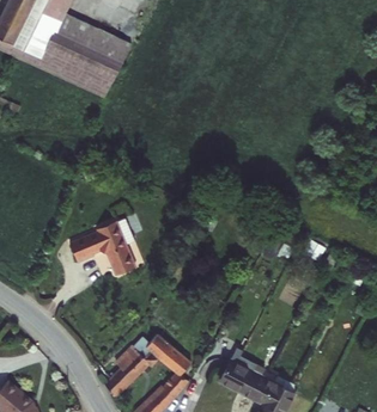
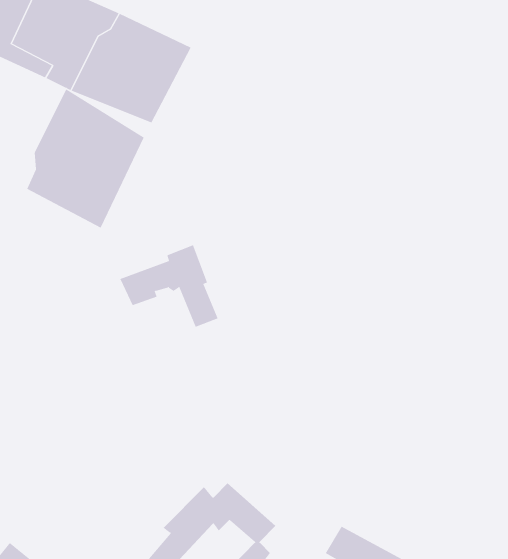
building: none -> [26,88,144,228]
building: [68,216,134,271] -> [119,244,219,328]

